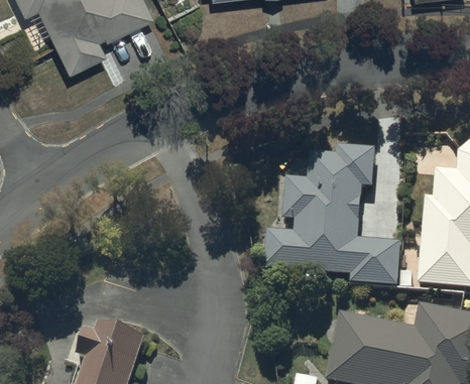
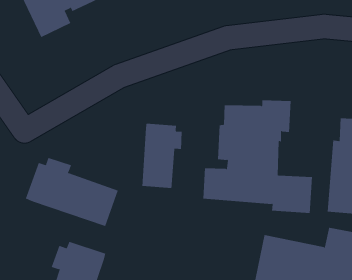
building: none -> [142,123,182,189]
building: none -> [25,157,119,227]

